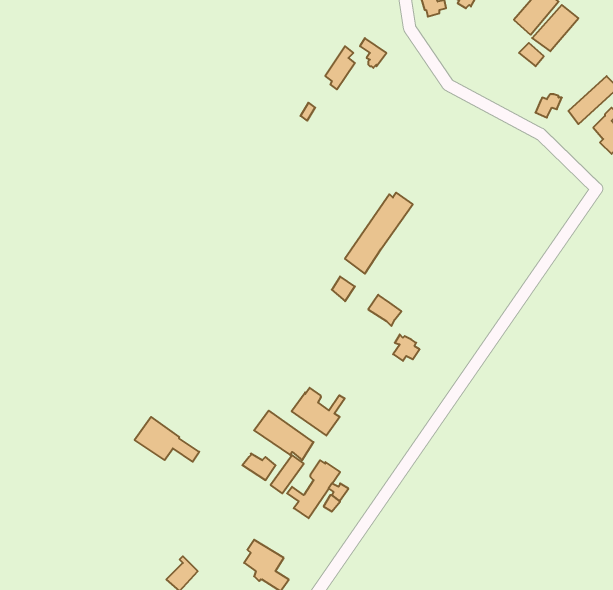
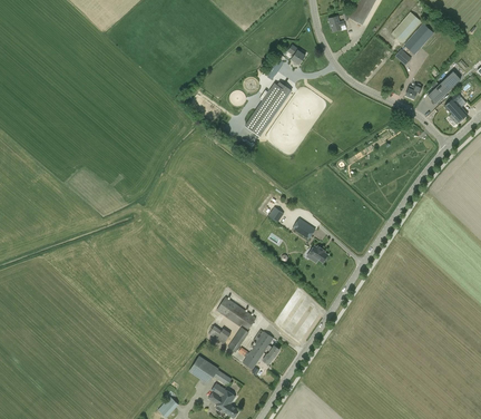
building: [345,193,413,274] -> [246,82,292,137]
building: [292,388,345,436] -> none
building: [135,417,199,462] -> [188,355,232,386]

